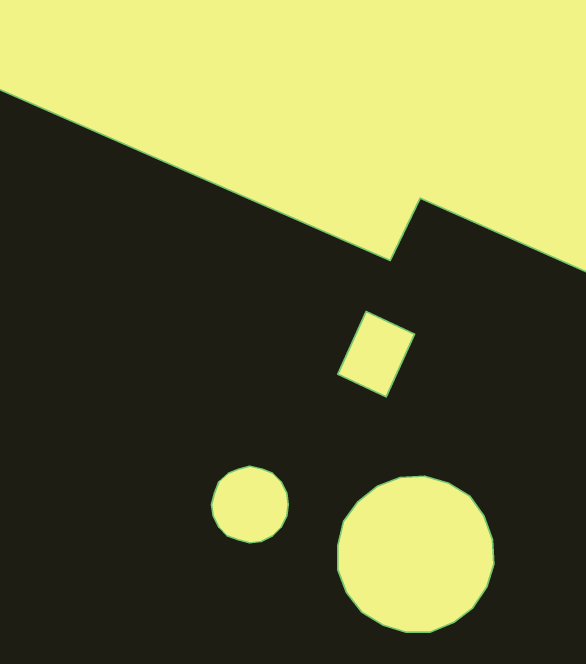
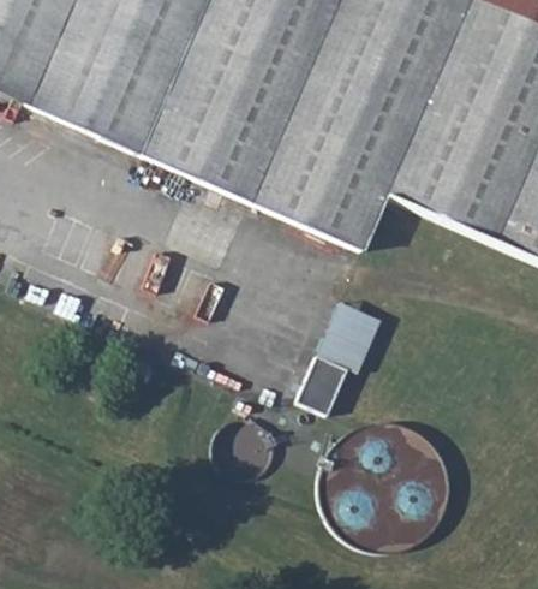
building: none -> [299,340,348,398]

